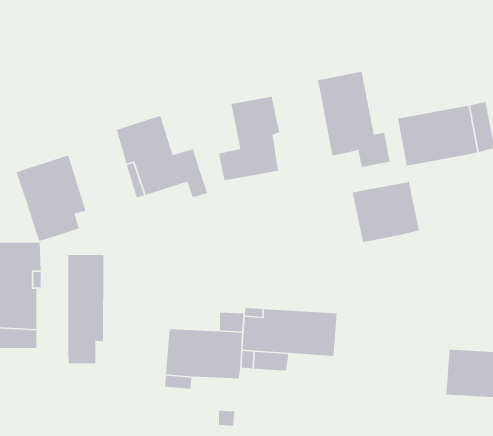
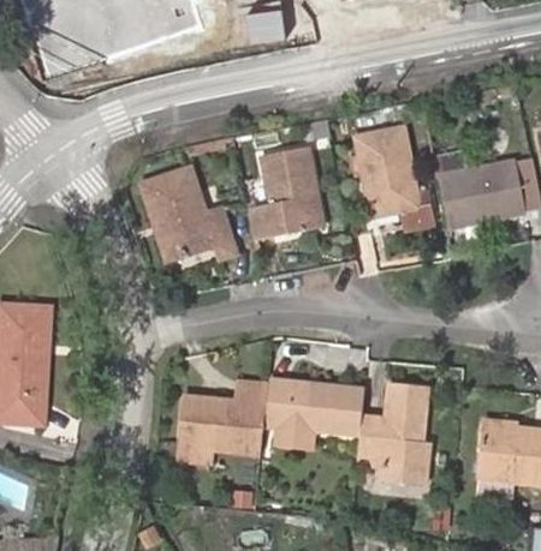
building: [16,154,86,242] -> none
building: [352,181,420,243] -> none
building: [67,254,104,364] -> none
building: none -> [363,385,435,481]

